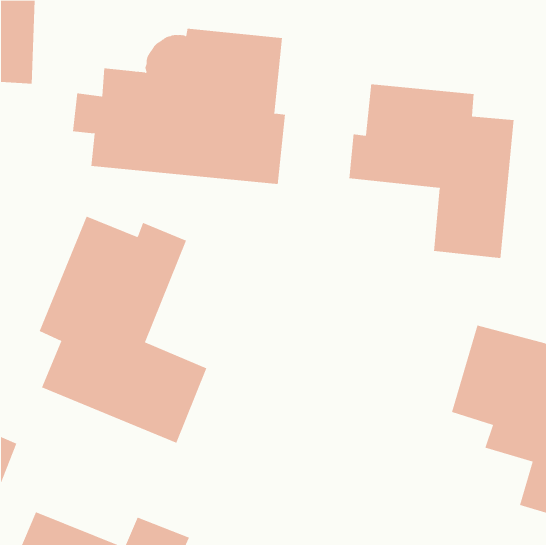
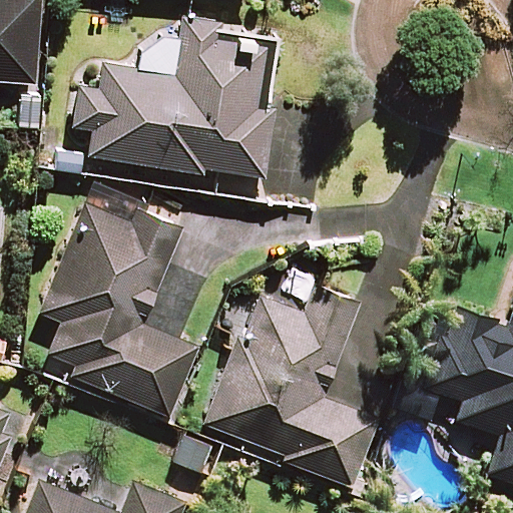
building: [349,83,514,259] -> none
building: none -> [202,286,379,488]

